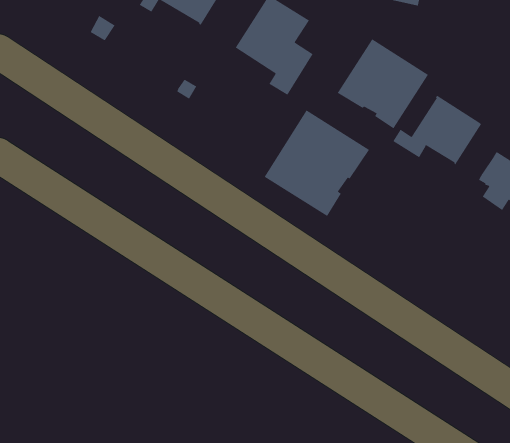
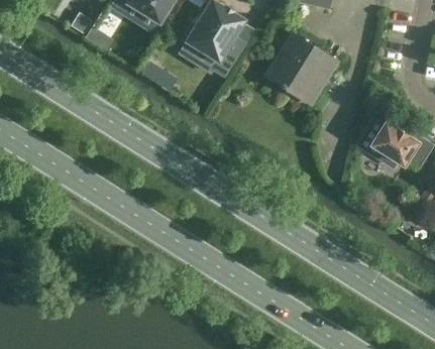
building: [392,95,482,165] -> none
building: [264,110,370,217] -> none

